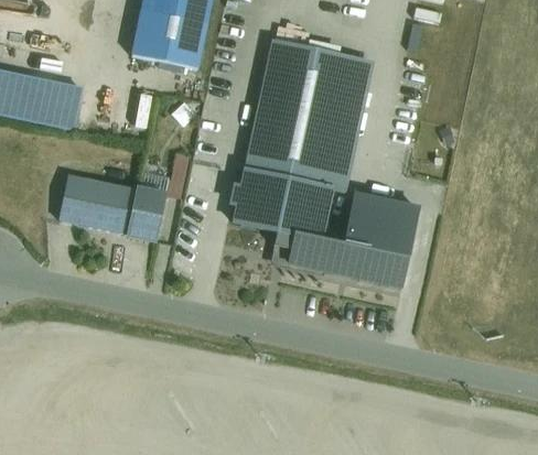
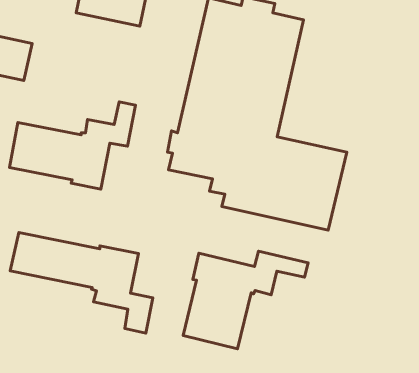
building: none -> [10,232,153,333]
building: none -> [183,251,308,349]

